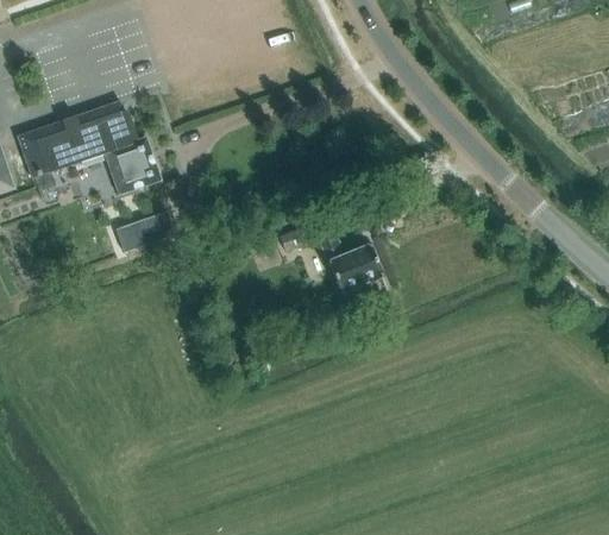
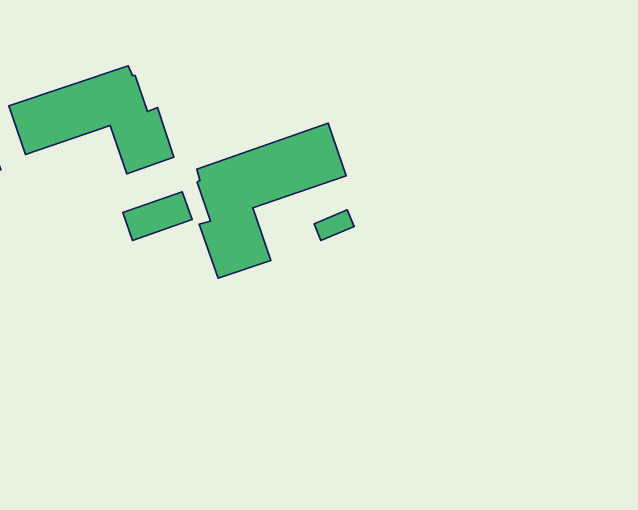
building: none -> [197,123,346,278]
building: [318,231,379,292] -> none

